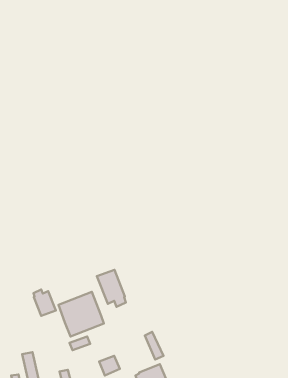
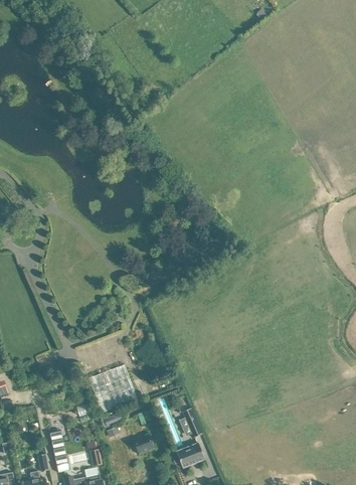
building: [97,270,126,307] -> none
building: [34,289,56,316] -> none

